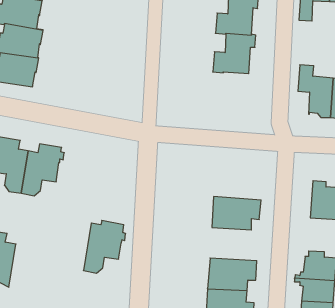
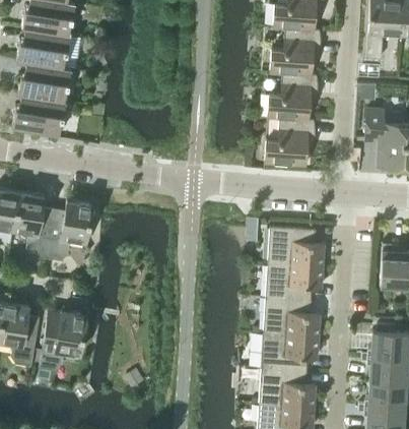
building: none -> [265,118,314,166]
building: none -> [268,227,324,266]
building: [83,220,126,273] -> [40,310,88,371]
building: none -> [264,298,320,336]

